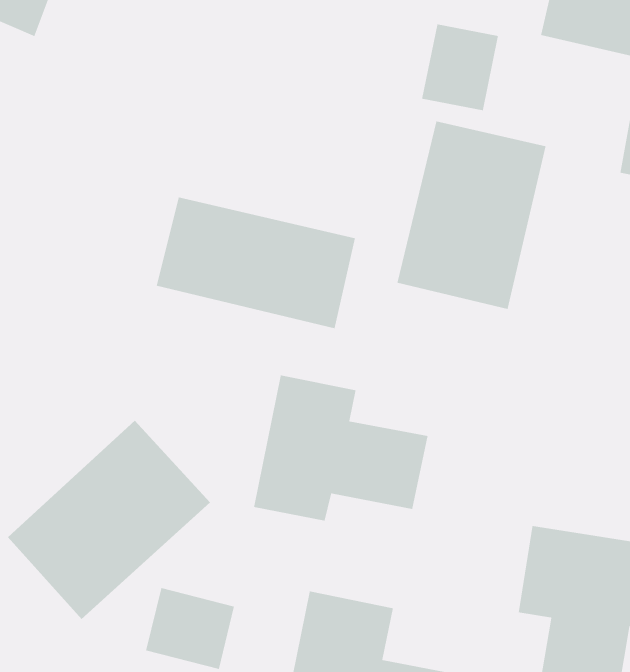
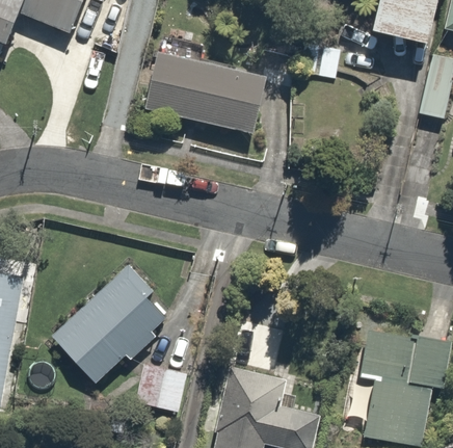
building: [396,121,546,310] -> none
building: [156,197,356,329] -> [145,53,266,133]
building: [253,374,428,522] -> none

